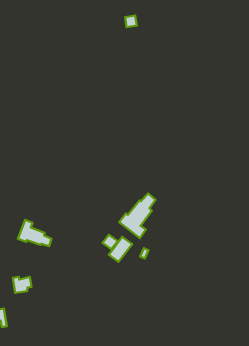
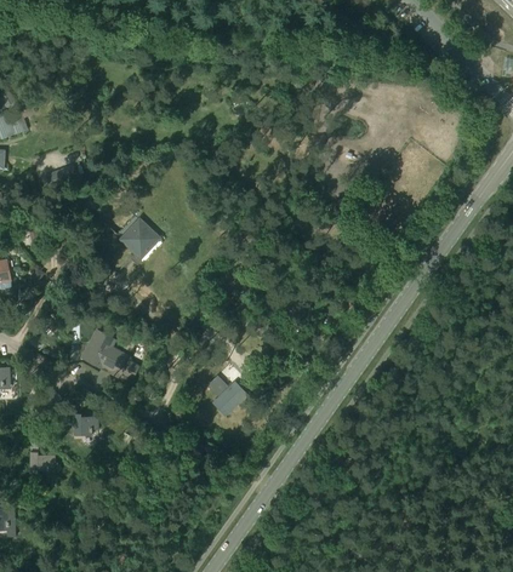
building: none -> [115,216,156,262]
building: [119,193,155,238] -> none

